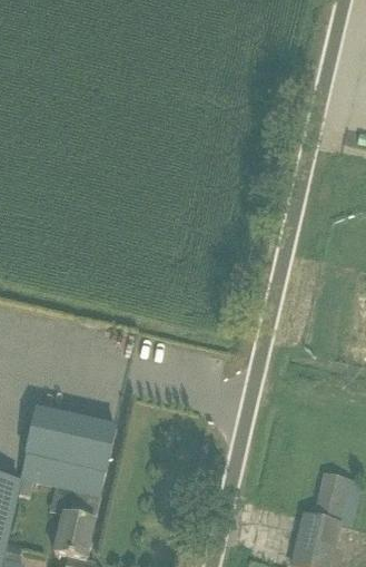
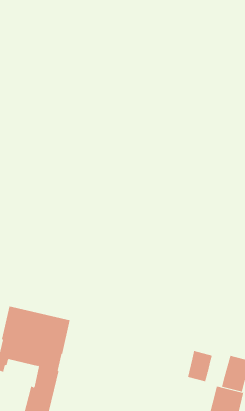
building: none -> [188,350,212,382]

